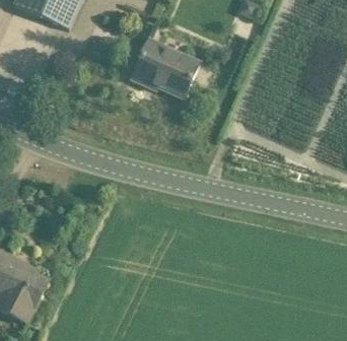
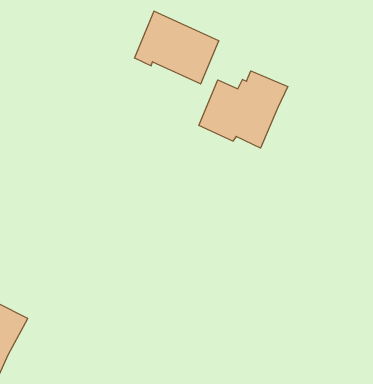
building: none -> [199,71,288,148]

